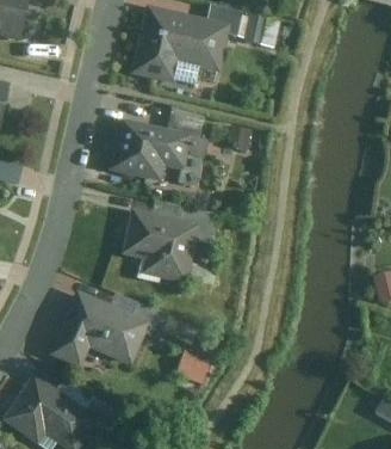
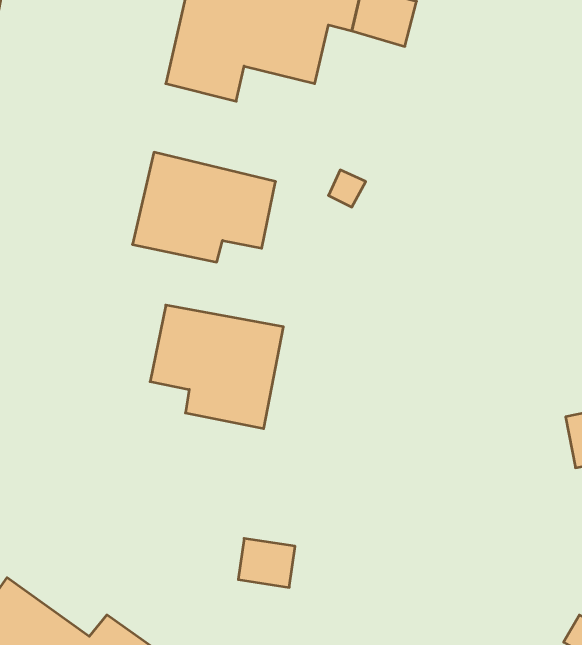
building: [44,284,154,365] -> none

